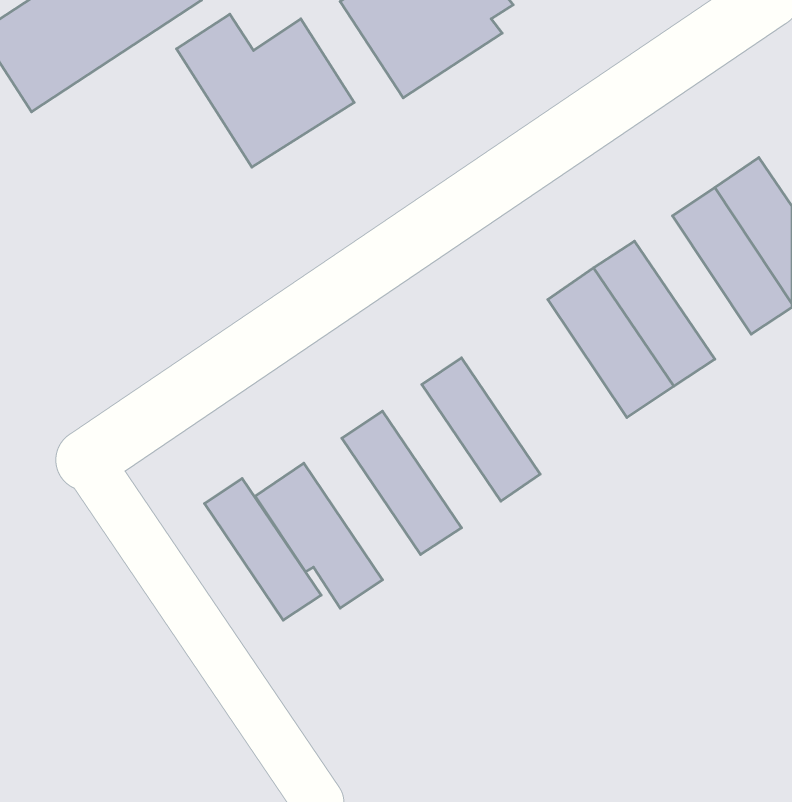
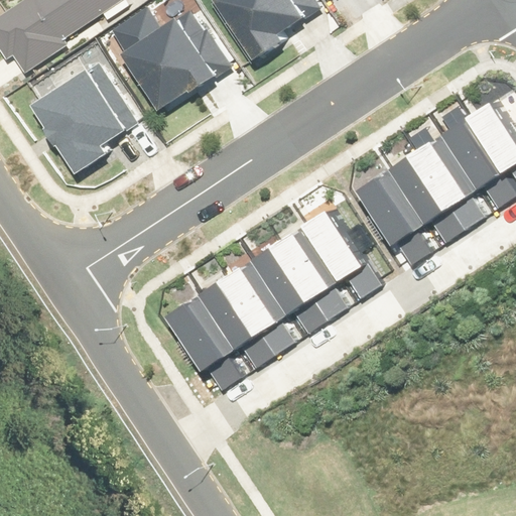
building: none -> [39,68,134,169]
building: none -> [406,138,481,230]
building: none -> [295,208,378,303]
building: none -> [245,246,320,338]
building: [205,478,321,620] -> [195,280,269,371]

